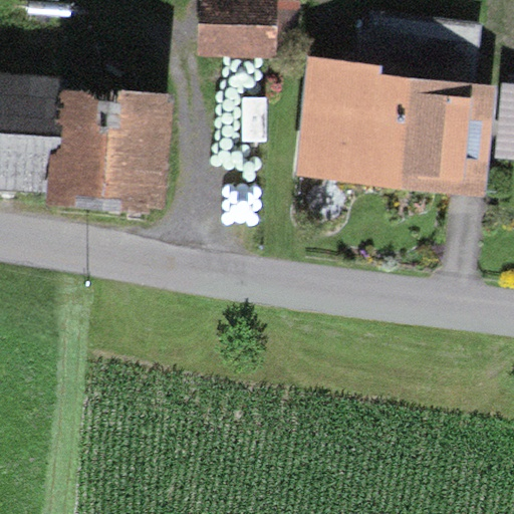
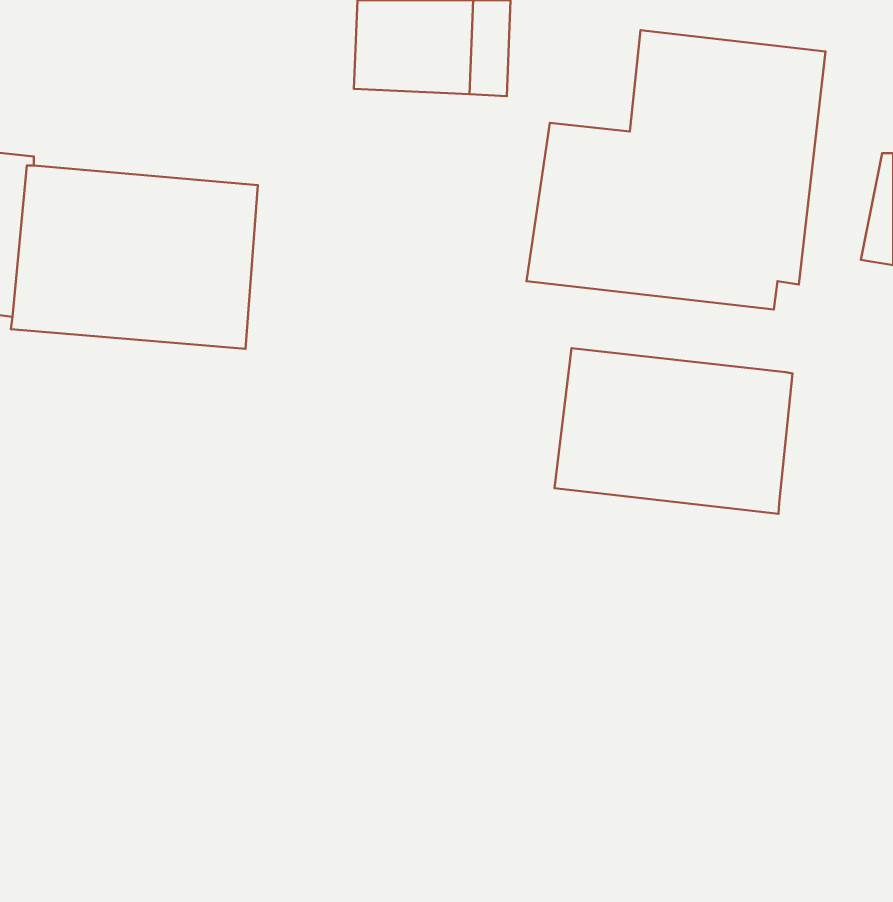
building: none -> [554,348,793,514]

